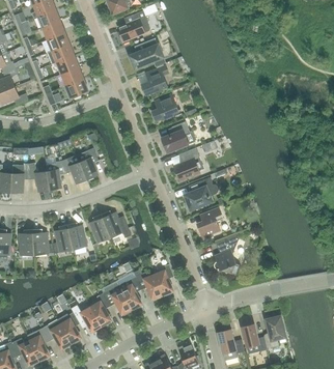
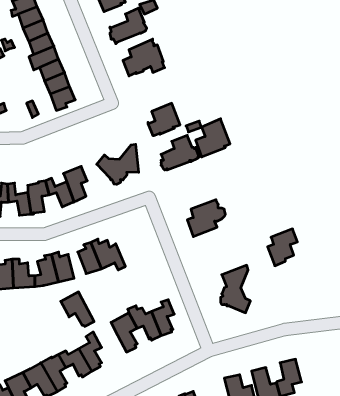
building: [140,65,168,95] -> none
building: none -> [97,144,139,184]
building: [173,147,203,180] -> [196,119,230,157]
building: [196,207,222,239] -> [268,229,297,266]
building: [103,284,132,314] -> [61,292,94,326]

